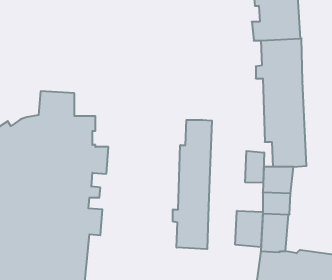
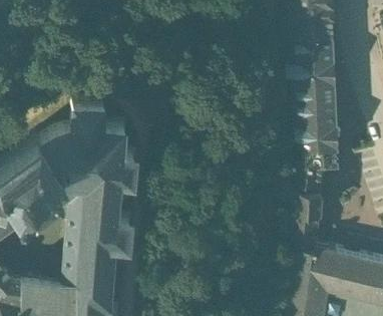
building: [173,120,212,249] -> none
building: [245,151,264,183] -> none
building: [235,211,263,247] -> none

